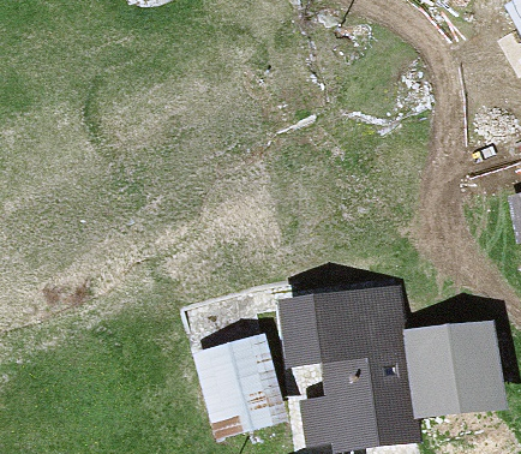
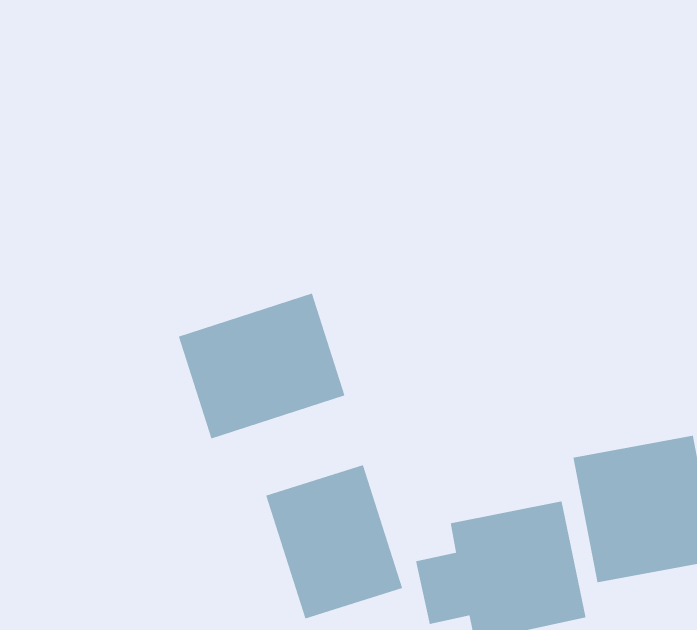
building: none -> [178,292,346,439]
building: [286,279,405,372] -> none

